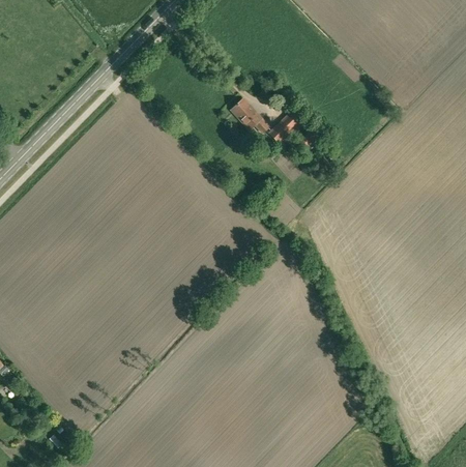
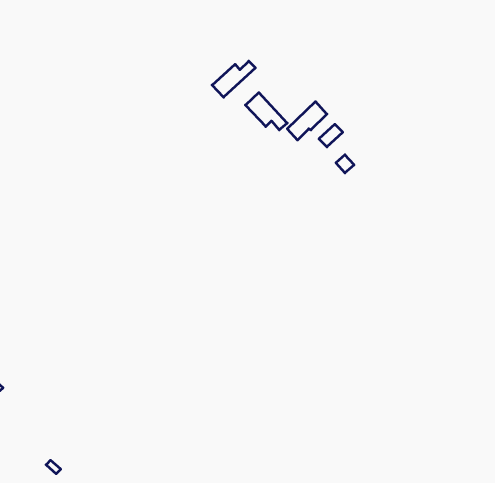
building: none -> [212,61,255,97]

